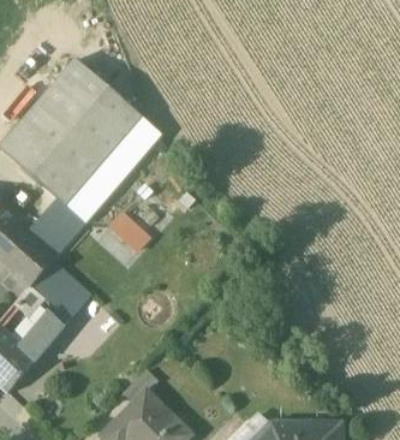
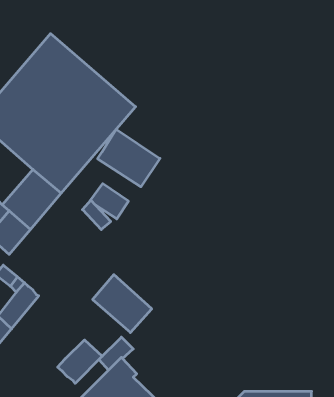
building: none -> [98,129,160,187]
building: [32,258,92,317] -> [93,275,152,333]
building: none -> [58,340,102,383]

